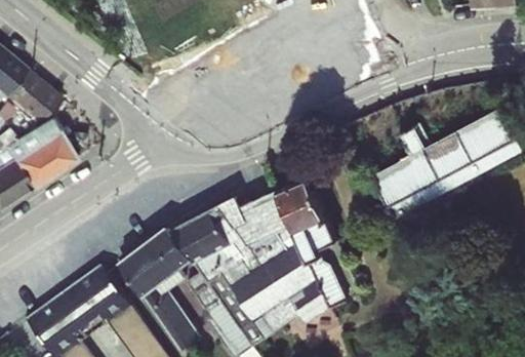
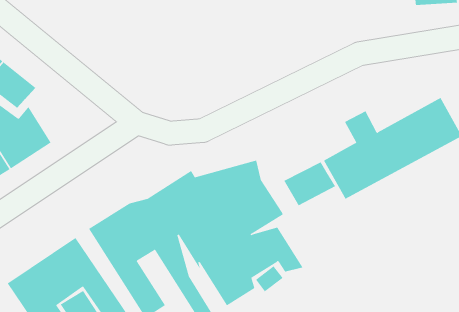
building: none -> [283,162,336,206]

